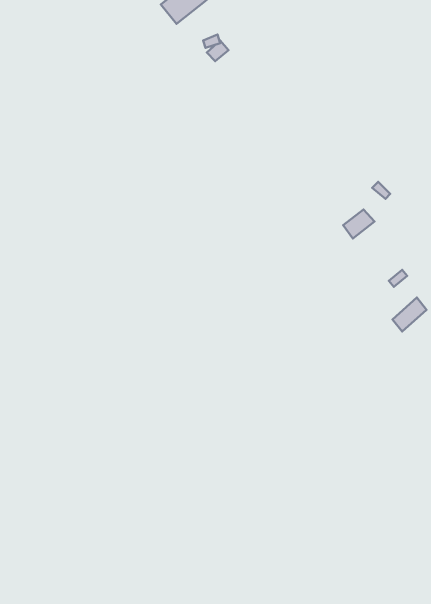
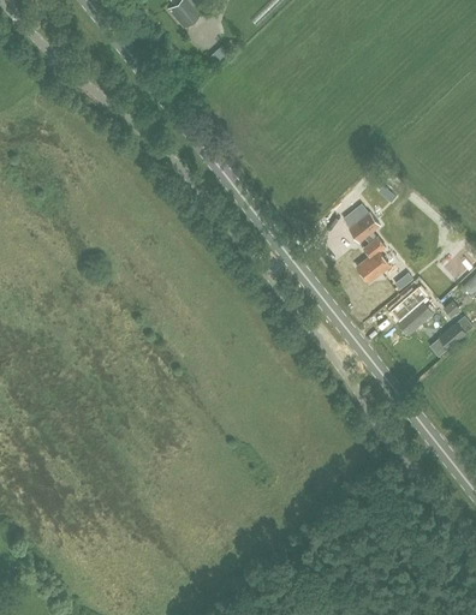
building: none -> [355,237,388,282]

